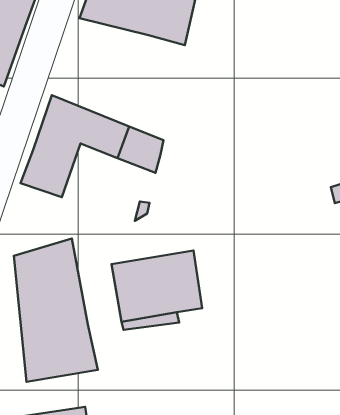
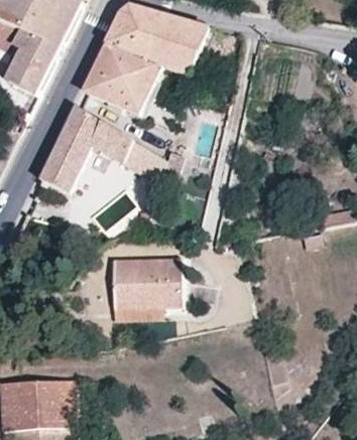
building: none -> [84,43,164,112]
building: [14,239,98,382] -> none

